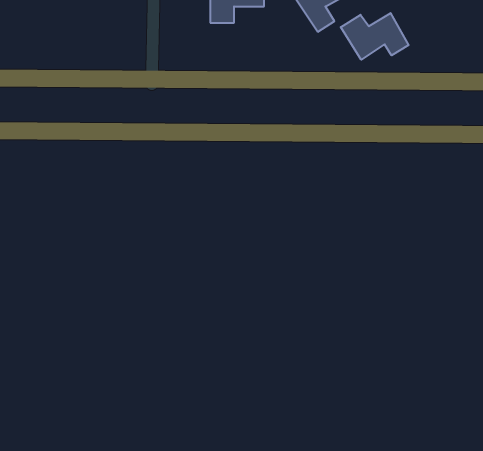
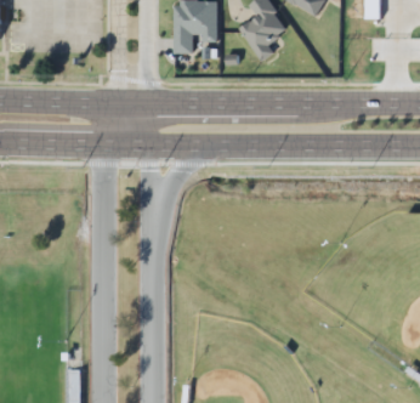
building: [341,13,409,60] -> none

